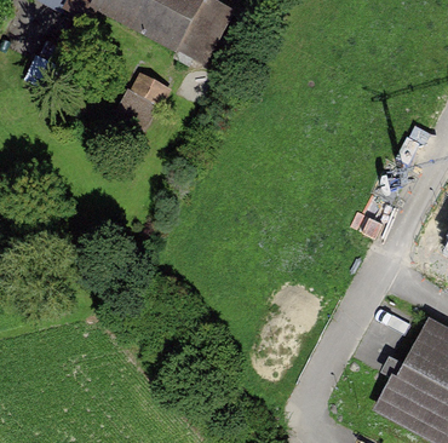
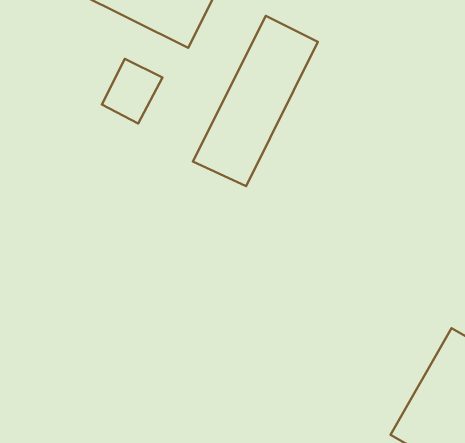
building: none -> [193,16,318,186]

